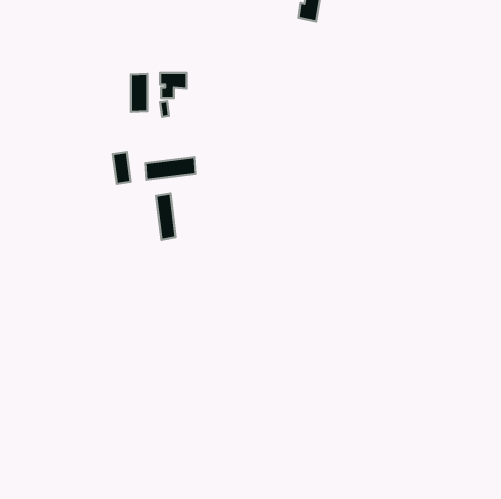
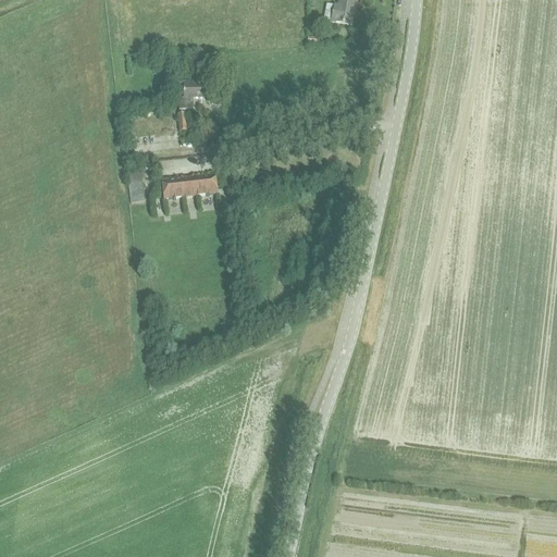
building: [131,74,148,112] -> none
building: [156,193,176,240] -> none

